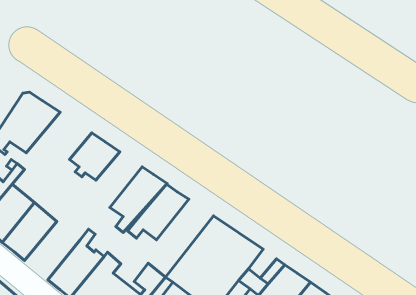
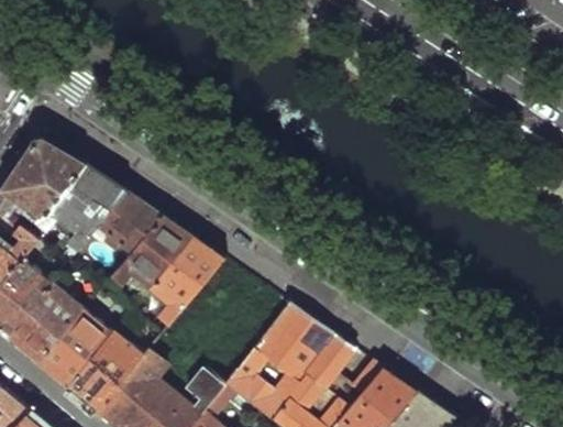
building: none -> [35,165,128,258]
building: [127,184,189,240] -> [113,218,195,292]
building: none -> [38,310,112,387]

